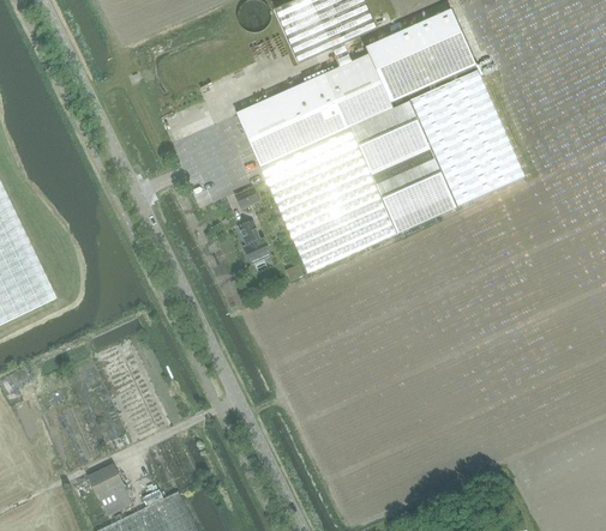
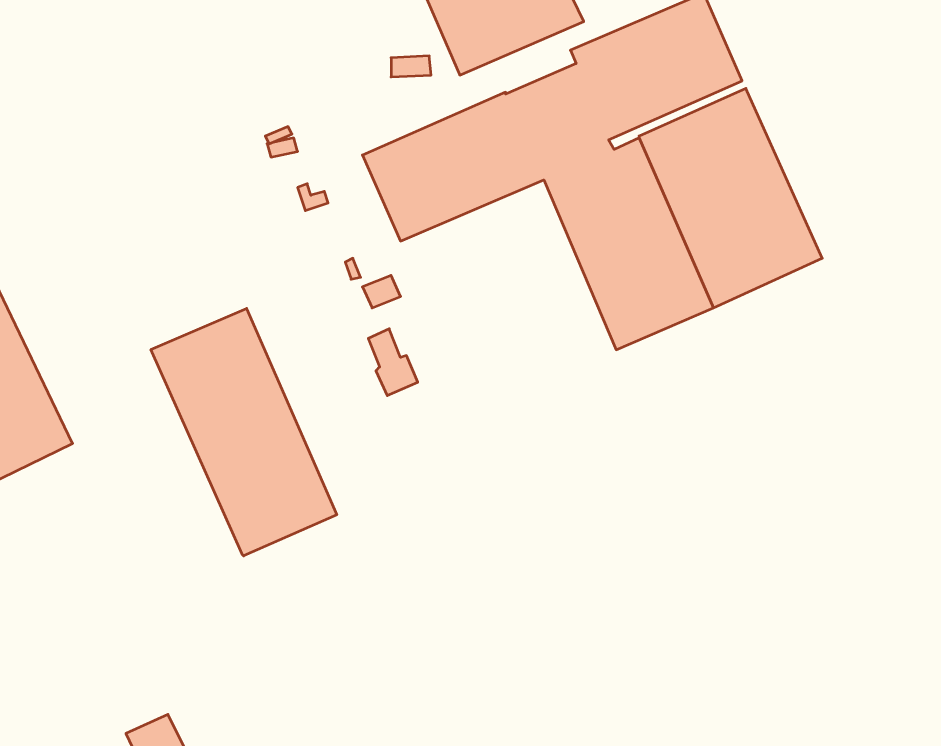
building: [260,127,396,272] -> none
building: none -> [151,308,337,556]

